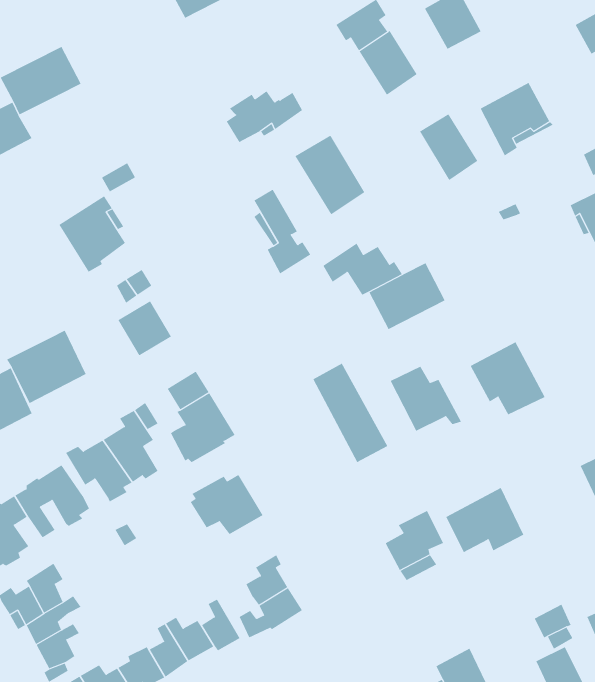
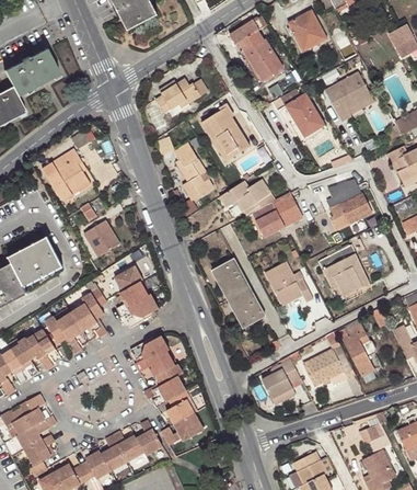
building: none -> [326,179,369,228]
building: none -> [343,322,373,375]
building: none -> [146,362,188,406]

